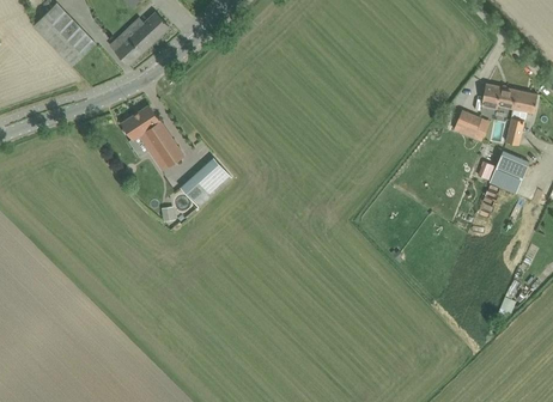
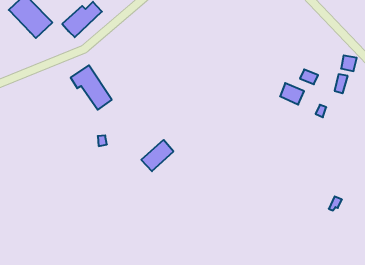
building: [480,84,518,110] -> none
building: [494,151,529,182] -> [280,83,304,105]
building: [181,158,227,203] -> [141,140,173,171]

